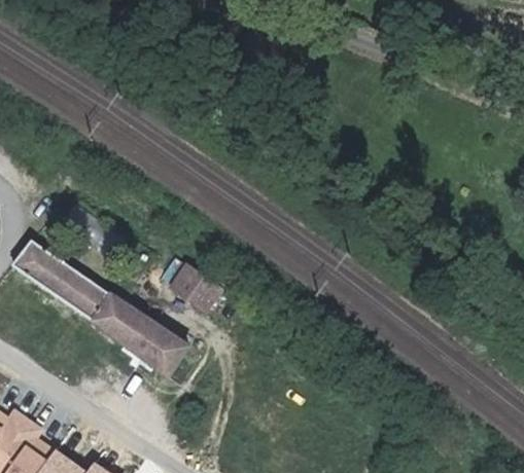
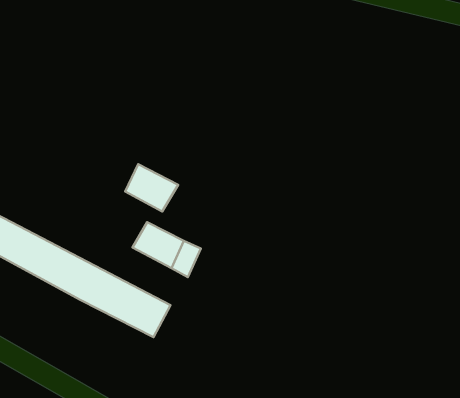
building: none -> [125,164,178,211]

